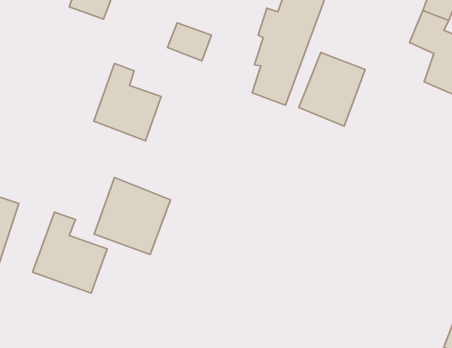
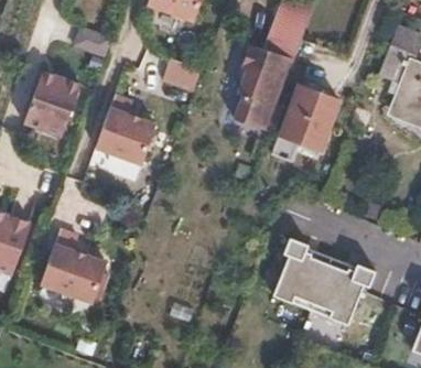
building: none -> [23,71,79,136]
building: [94,177,171,255] -> none
building: none -> [271,236,375,324]

